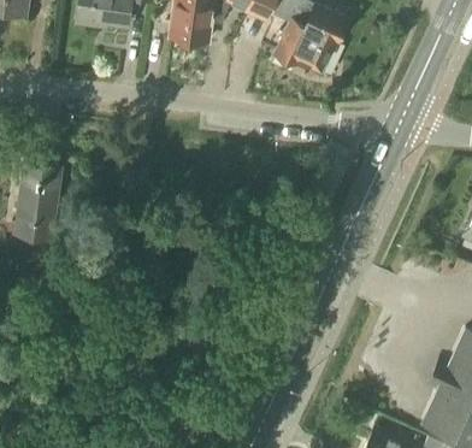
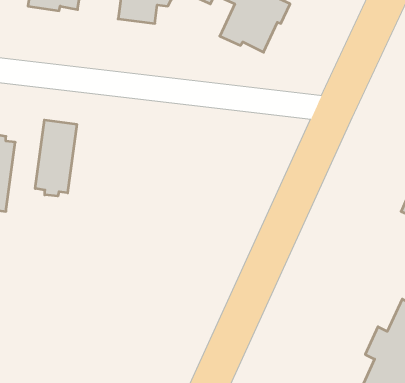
building: none -> [35,120,77,196]

